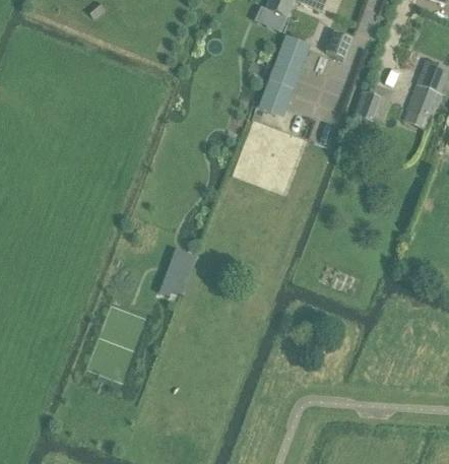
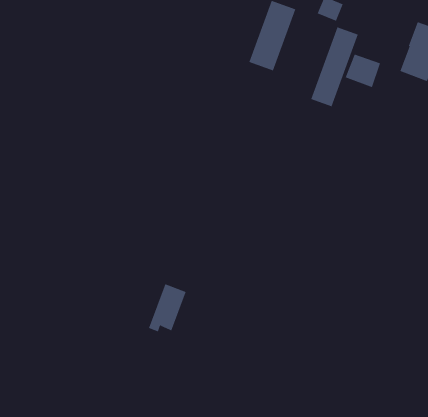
building: none -> [310,26,359,107]
building: [159,247,197,294] -> [148,284,186,332]

